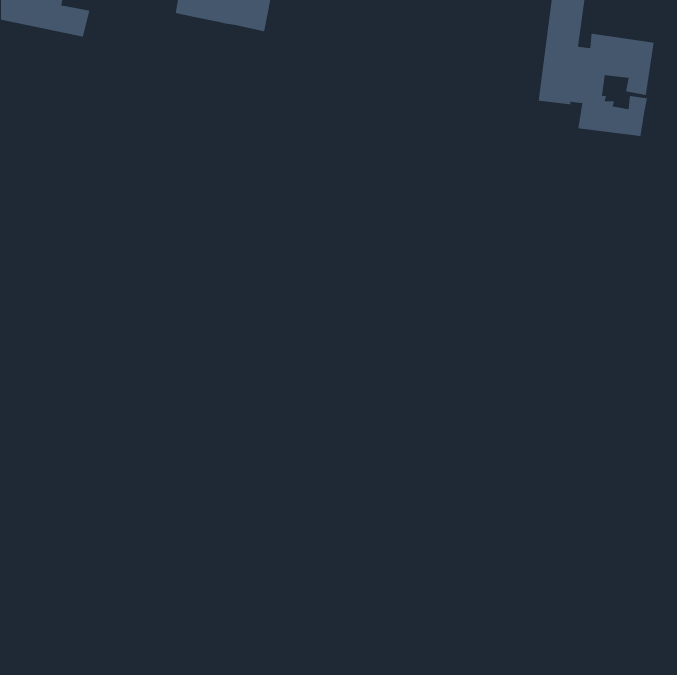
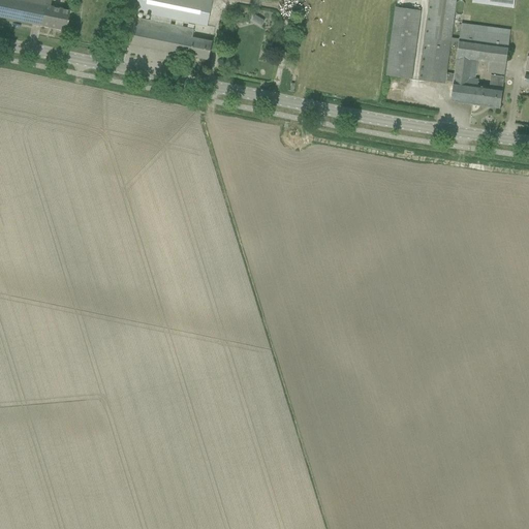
building: none -> [386,5,422,77]
building: none -> [129,13,212,58]

